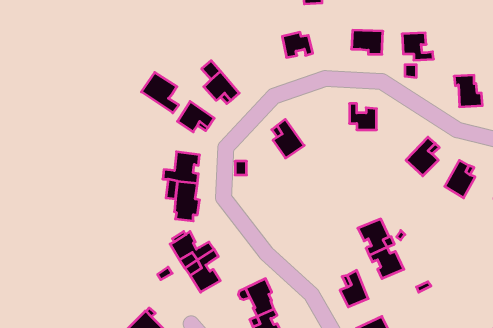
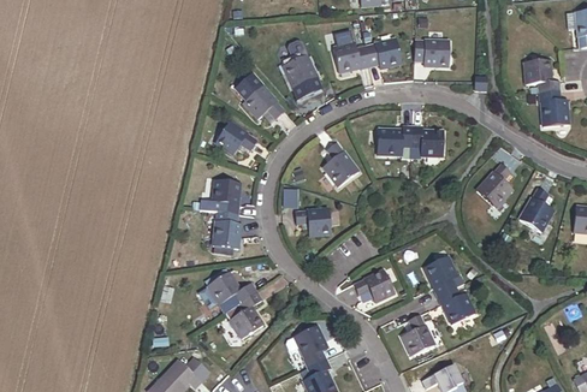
building: none -> [366,37,402,65]
building: [402,33,434,60] -> [520,60,556,91]
building: none -> [285,55,324,99]
building: [141,72,179,113] -> none
building: none -> [378,123,413,152]
building: none -> [292,207,328,234]
building: none -> [355,268,395,299]

